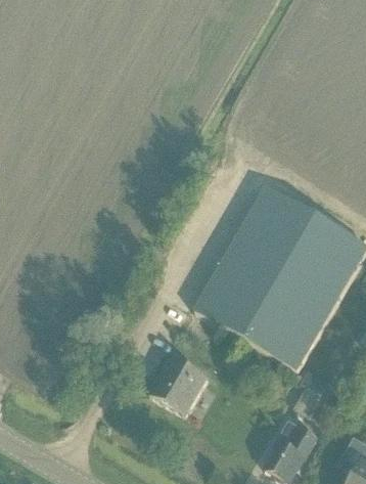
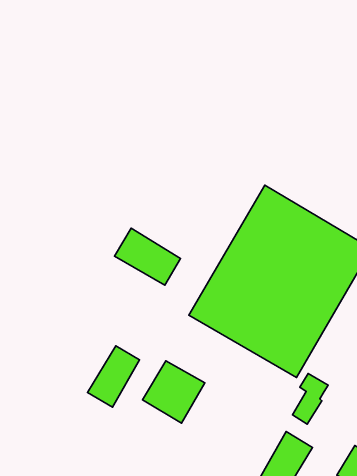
building: none -> [115,228,181,285]
building: none -> [88,346,139,407]

